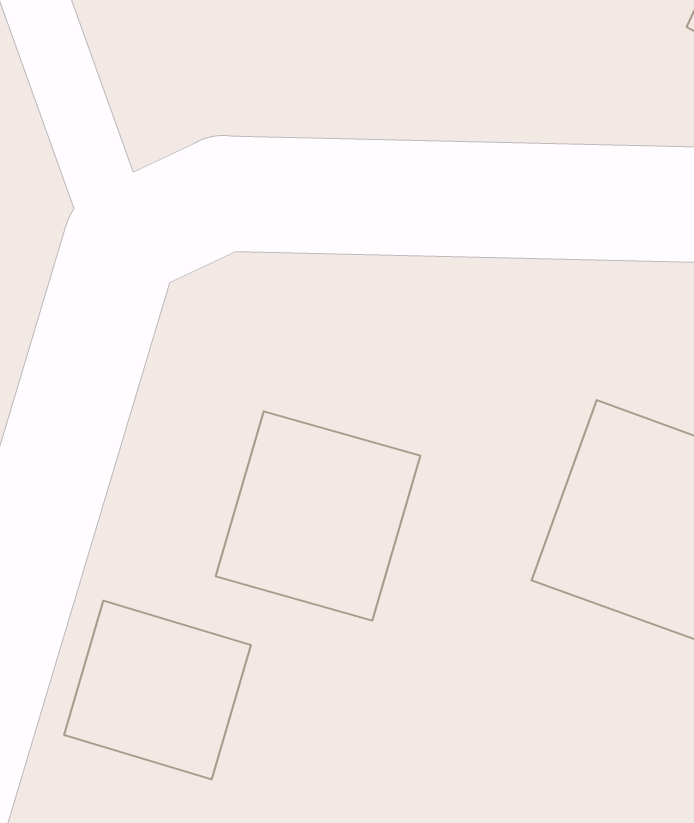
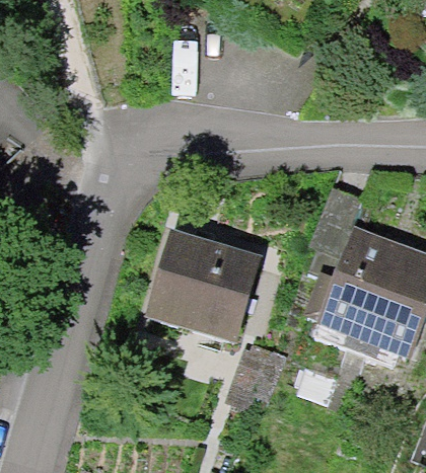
building: [64,601,251,779] -> none

